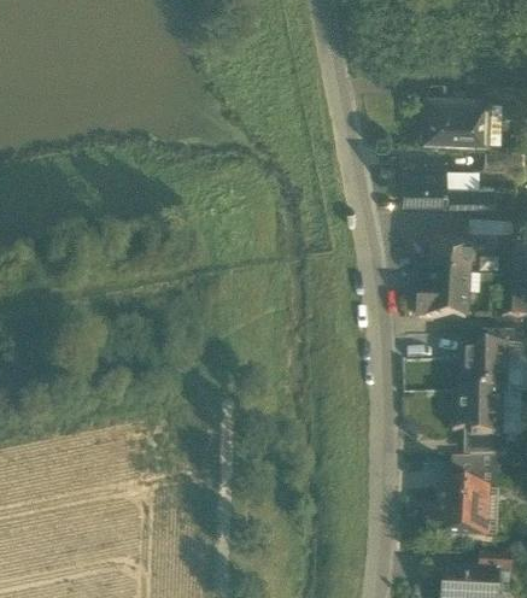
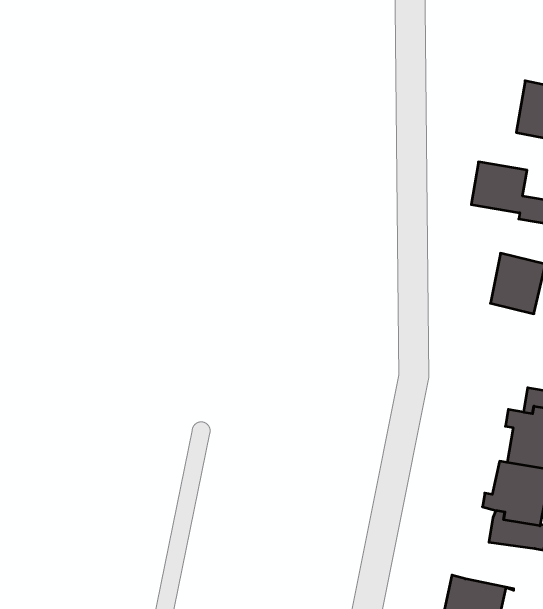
building: [420,275,470,321] -> none
building: [451,458,500,493] -> none

